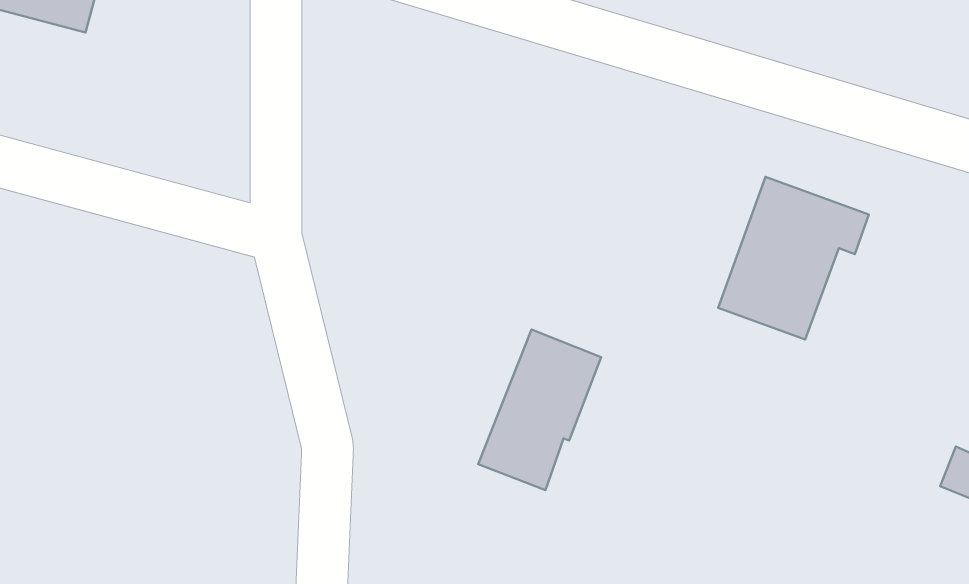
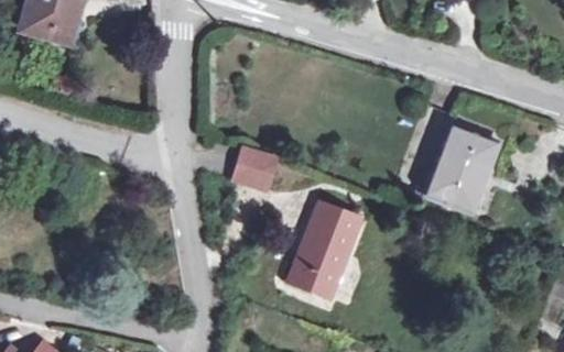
building: none -> [232,153,272,193]

